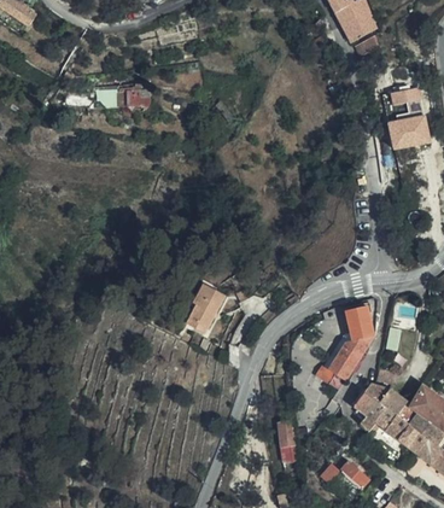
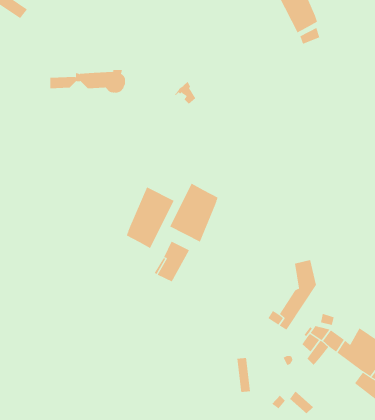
building: [387,86,431,148] -> none
building: none -> [169,183,218,243]
building: none -> [126,187,174,249]
building: [378,409,427,451] -> none

